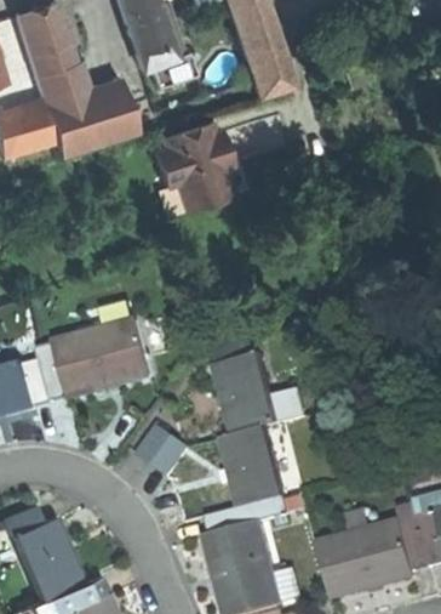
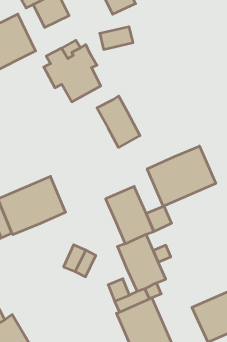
building: none -> [97,96,140,147]
building: none -> [147,146,216,207]

